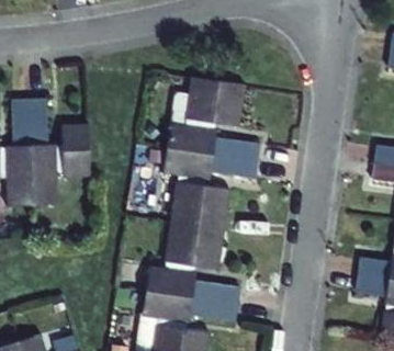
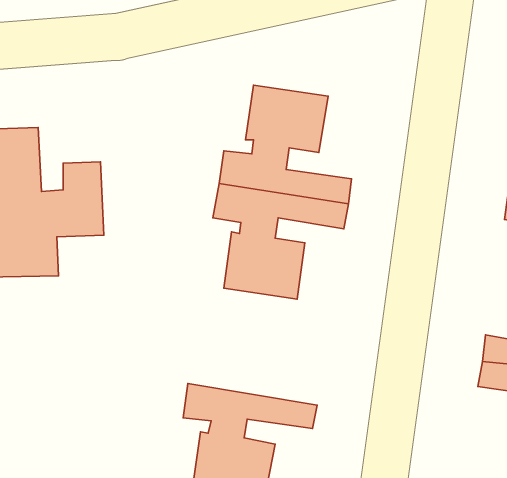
building: [150,210,244,292] -> none

